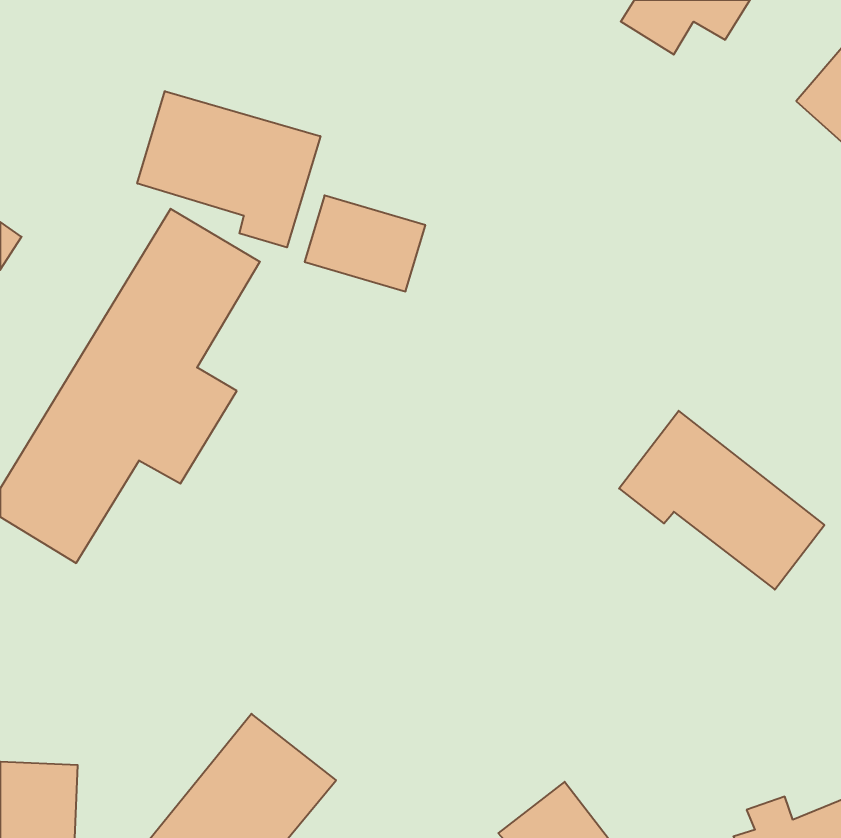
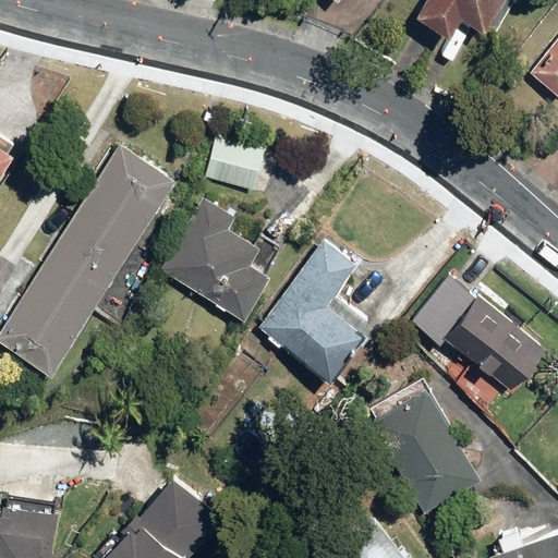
building: [137,91,320,247] -> none
building: none -> [161,197,290,318]
building: none -> [258,240,368,379]
building: none -> [362,378,488,519]

